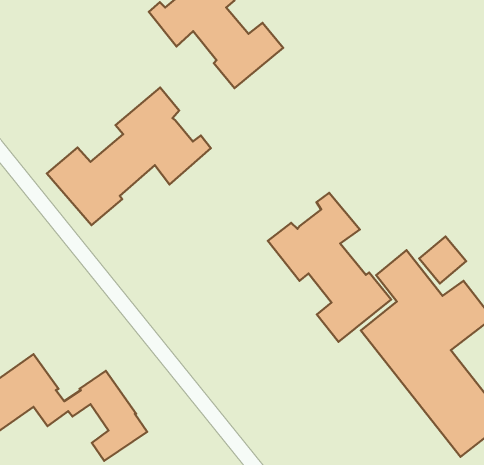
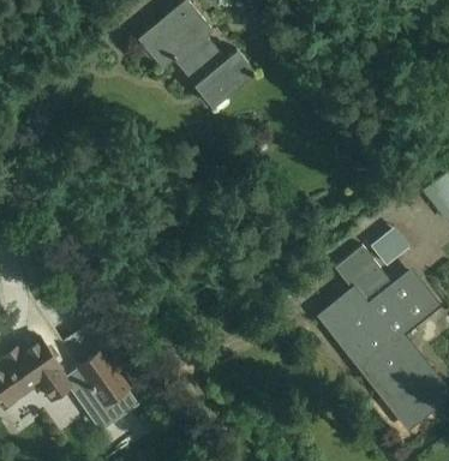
building: [47,88,211,225] -> none
building: [268,193,391,342] -> none

